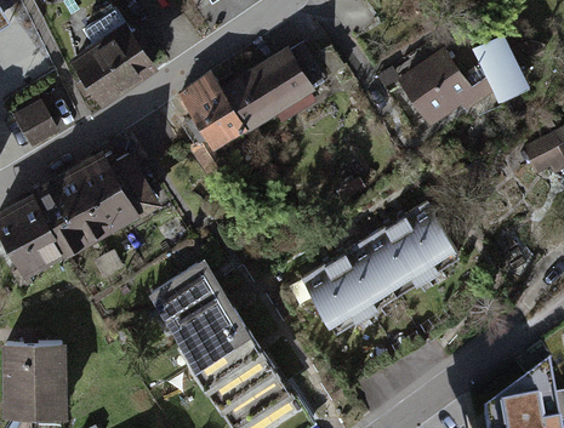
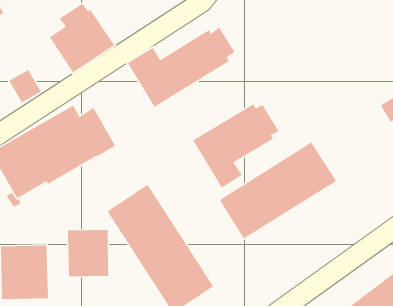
building: [395,34,531,129] -> none
building: none -> [192,103,279,188]
building: none -> [67,229,109,277]

